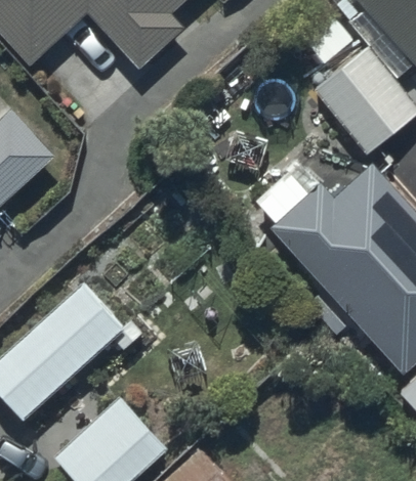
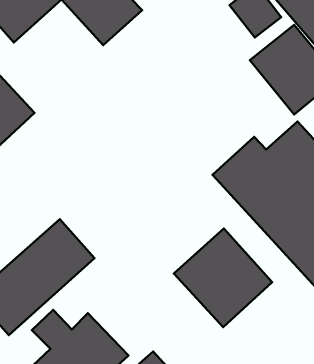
building: none -> [174,228,272,327]

